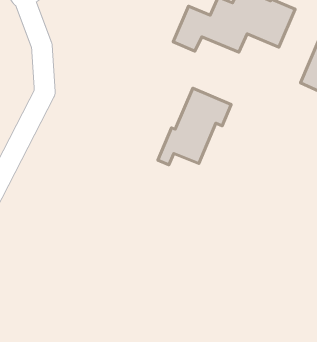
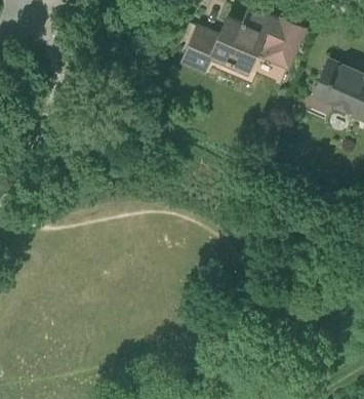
building: [158,88,231,165] -> none

